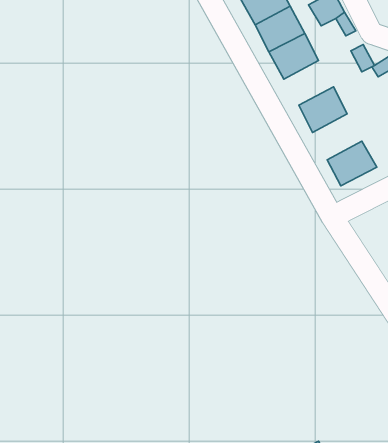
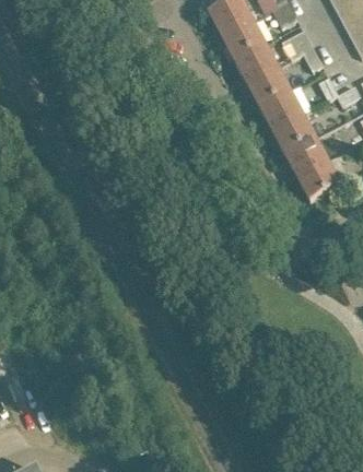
building: none -> [259,85,312,129]
building: none -> [284,137,328,177]

